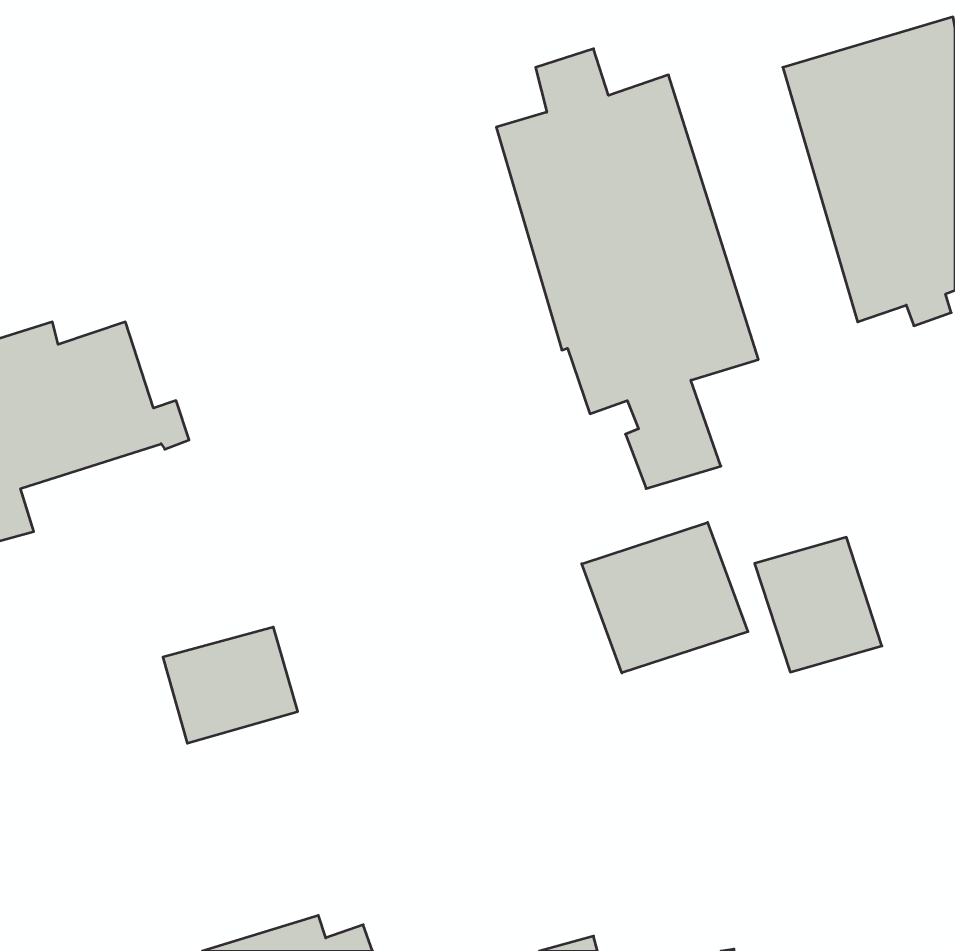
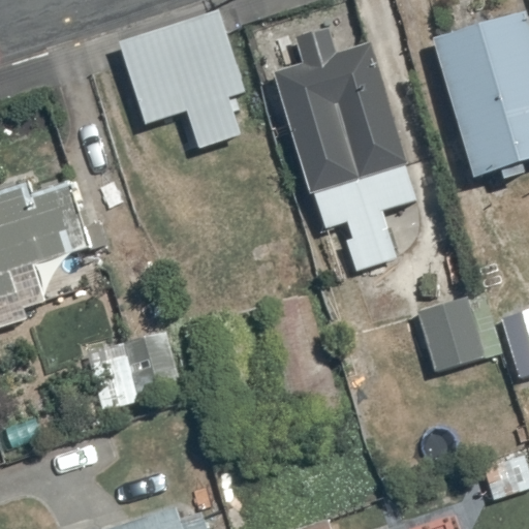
building: none -> [127,20,257,158]
building: [582,522,748,673] -> none

